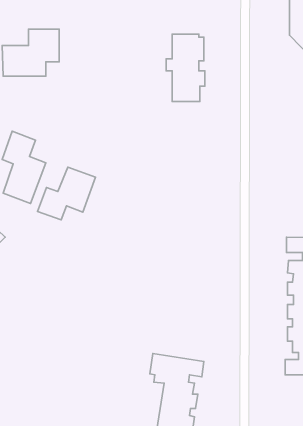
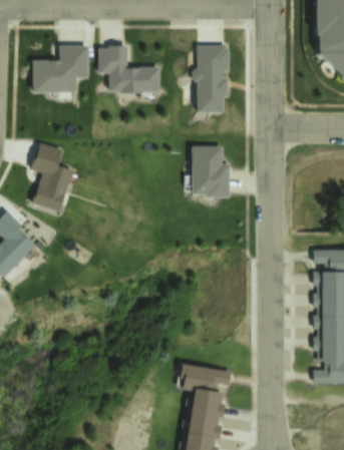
building: none -> [96,43,157,90]
building: none -> [191,146,229,196]
building: [37,167,96,220] -> none

